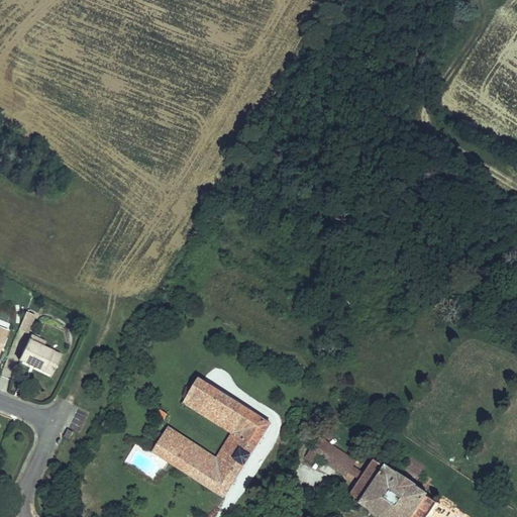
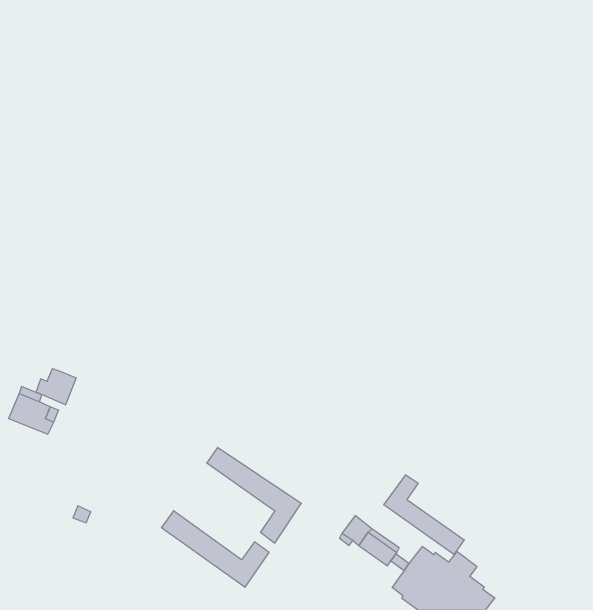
building: none -> [36,369,76,405]
building: [162,391,247,473] -> none
building: none -> [384,475,464,555]

